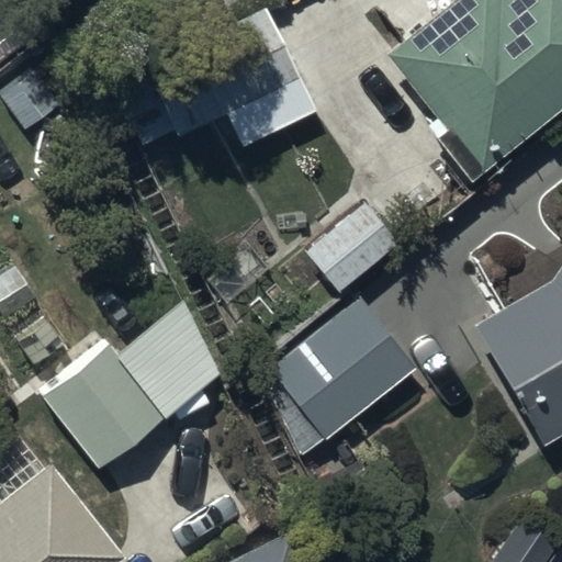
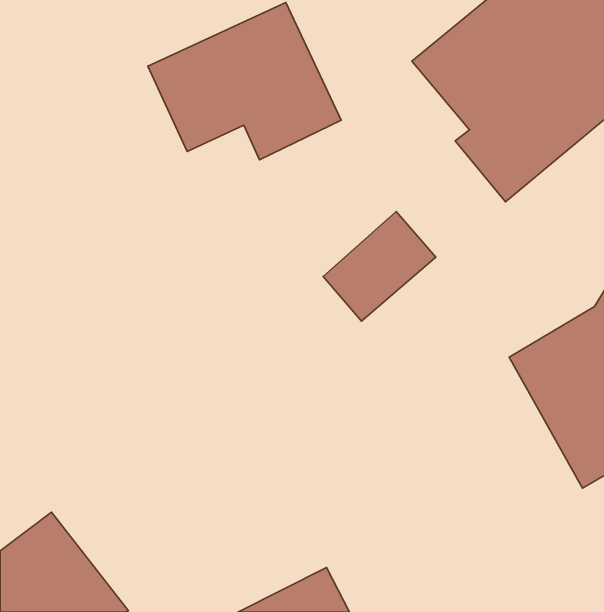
building: [263,297,416,456] -> none
building: [43,333,213,468] -> none

